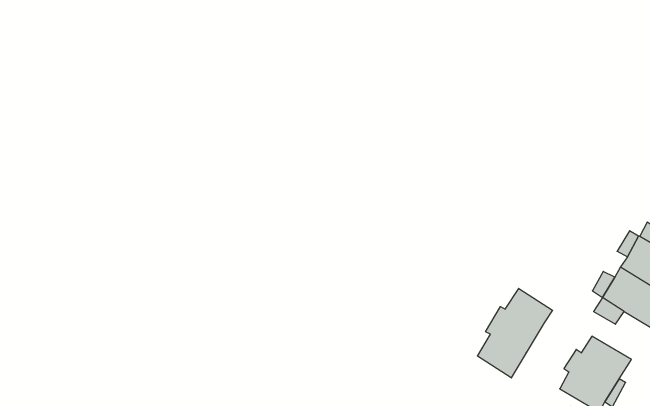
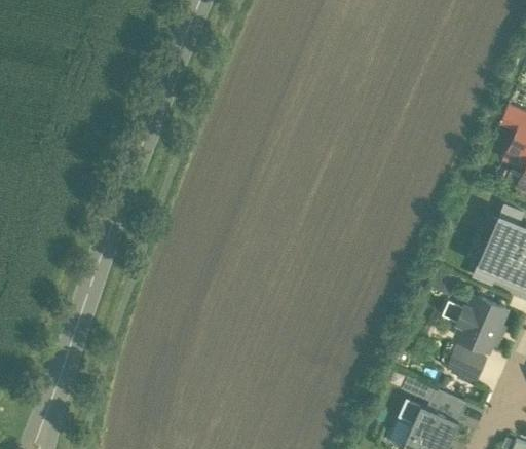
building: [477,288,553,378] -> none

